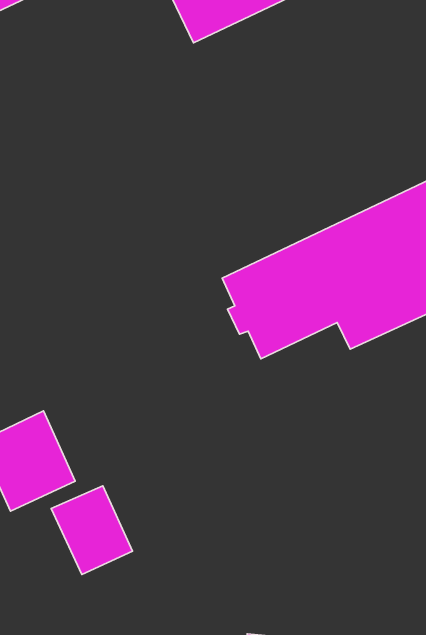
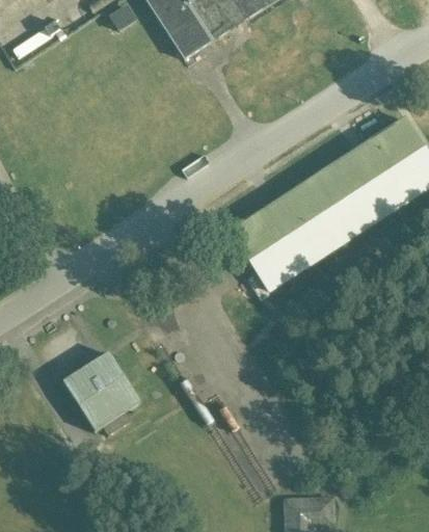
building: [51,486,133,574] -> none

